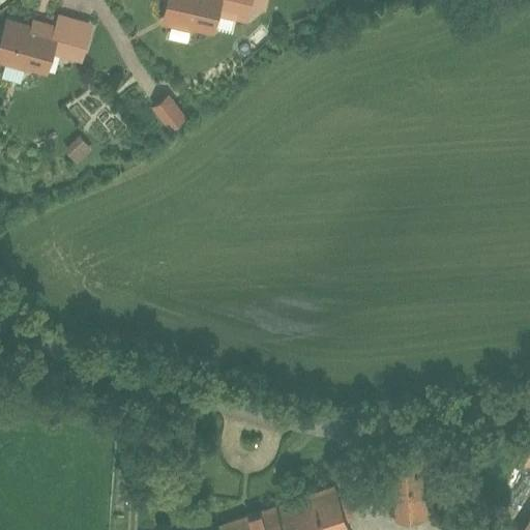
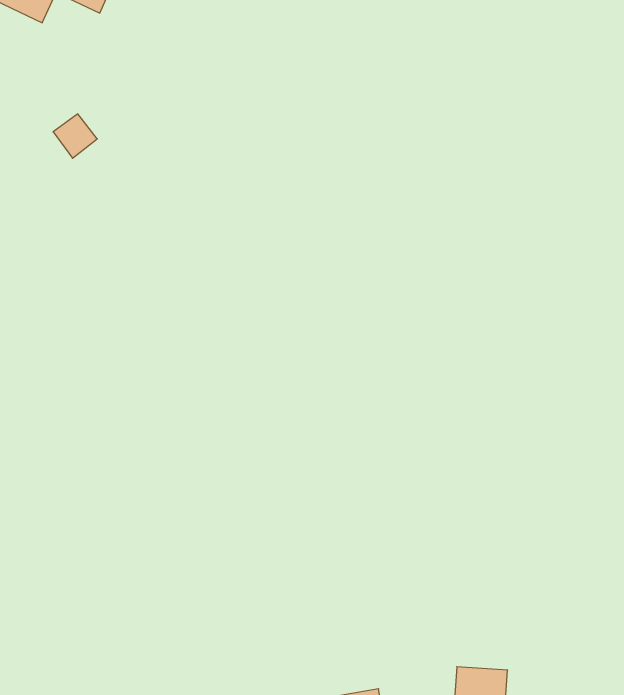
building: [147,92,185,132] -> none

